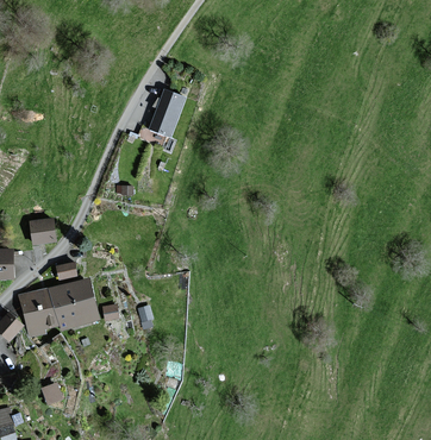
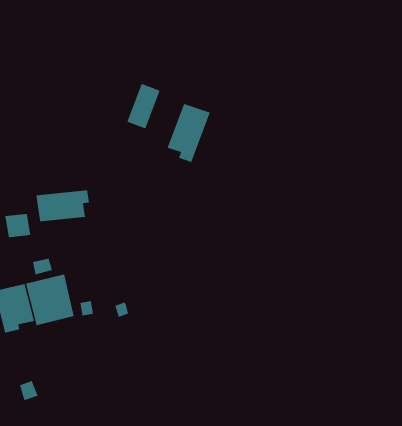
building: none -> [167,103,211,163]
building: none -> [36,189,89,222]

